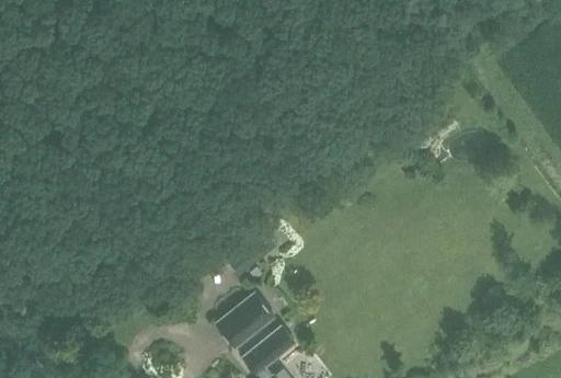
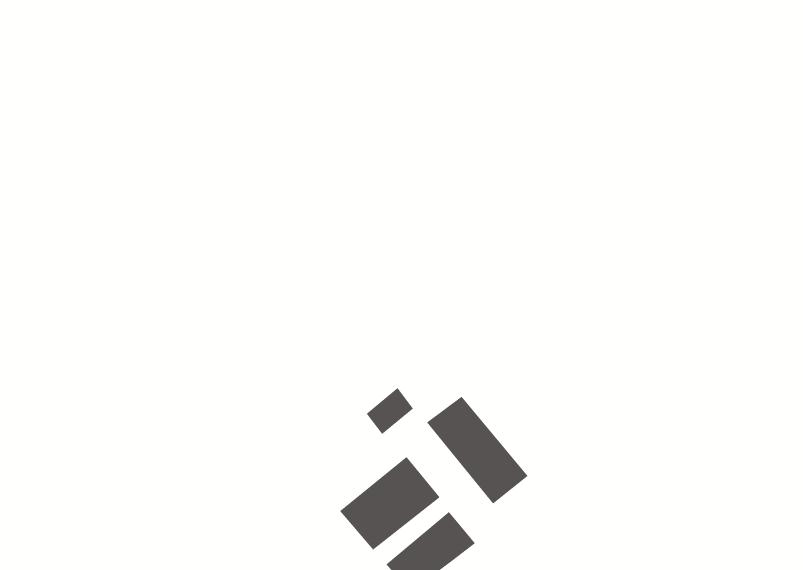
building: none -> [426,396,528,504]

